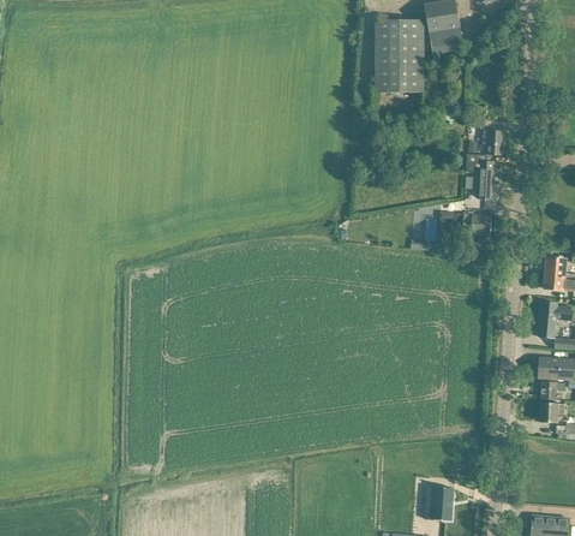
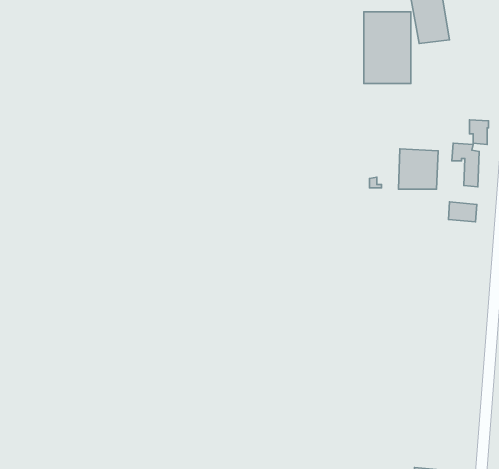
building: none -> [398,149,438,189]

